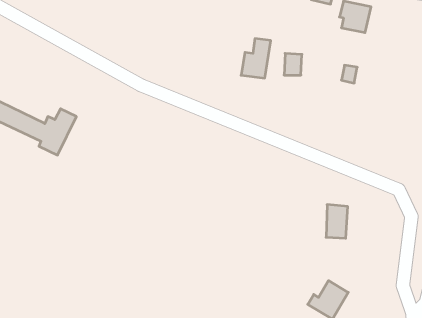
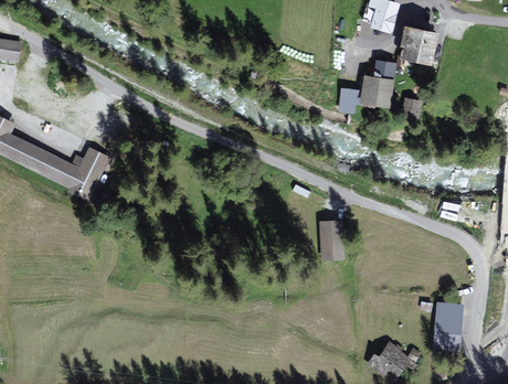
building: [241,39,271,78] -> [361,62,394,106]
building: none -> [320,222,343,258]
building: [326,205,348,238] -> [435,306,459,343]

